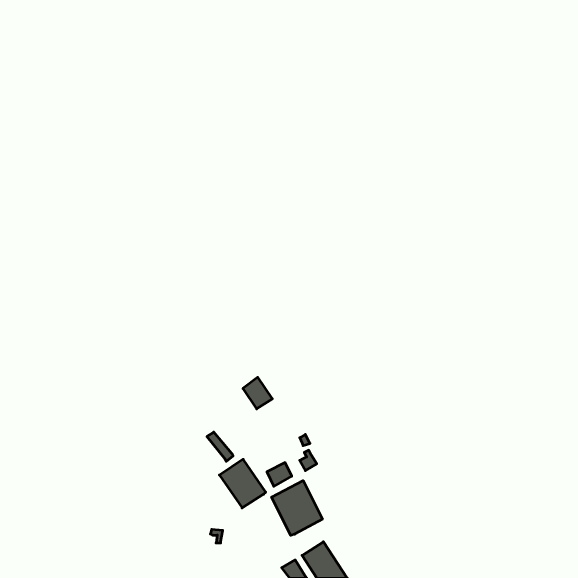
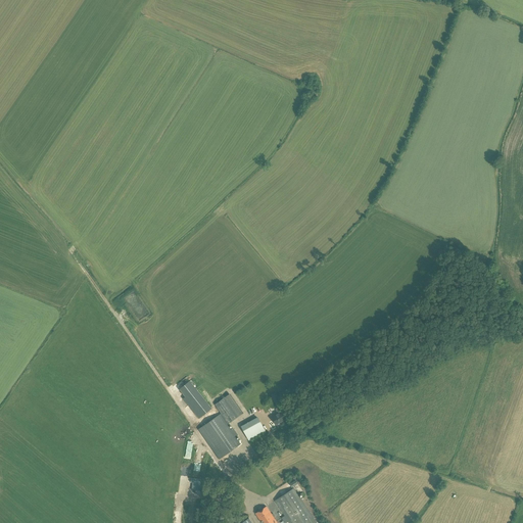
building: [243,377,272,409] -> [213,394,240,423]
building: [272,481,322,535] -> none

